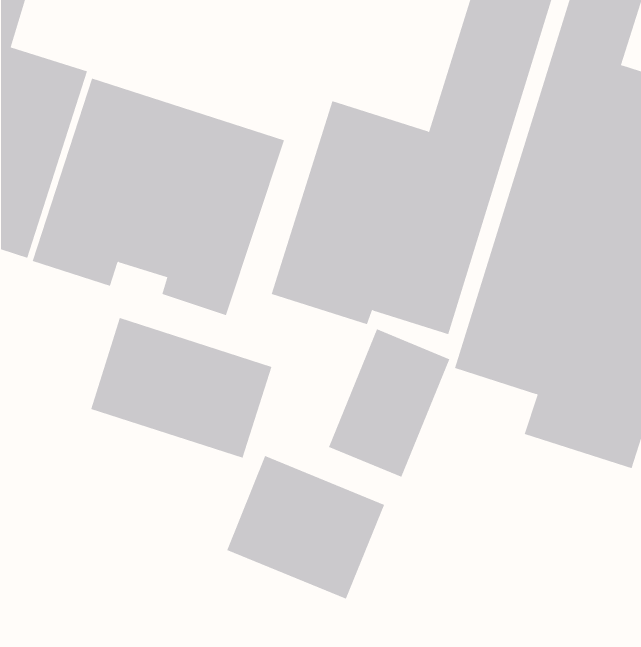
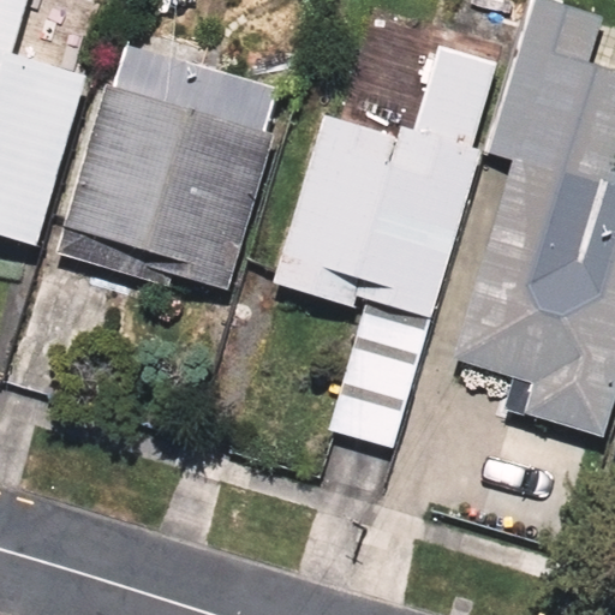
building: [90,317,272,459] -> none
building: [226,455,385,600] -> none

